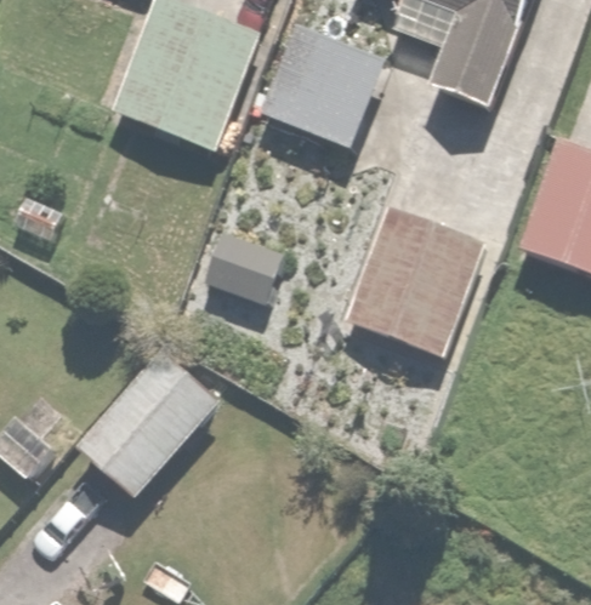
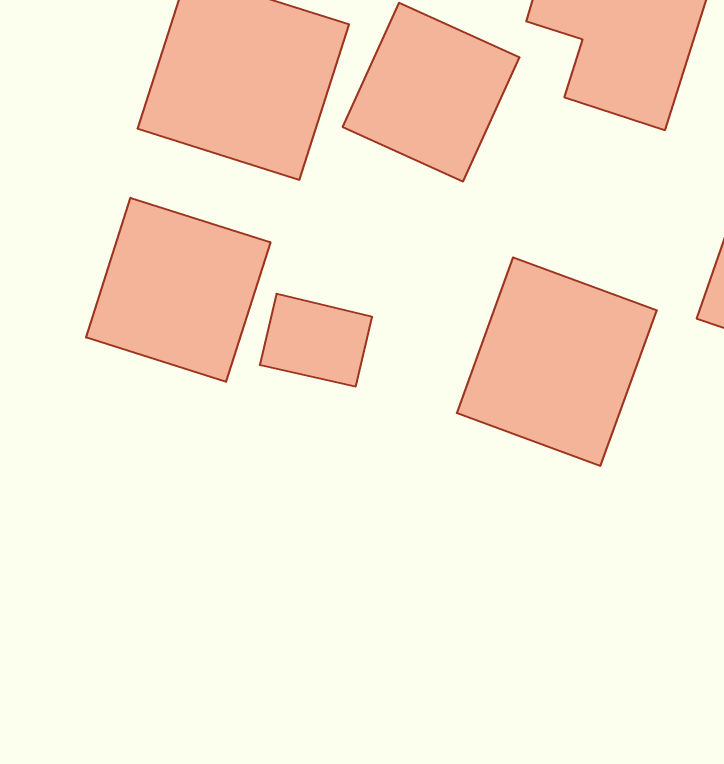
building: none -> [86,198,270,382]
building: [72,346,222,501] -> none

